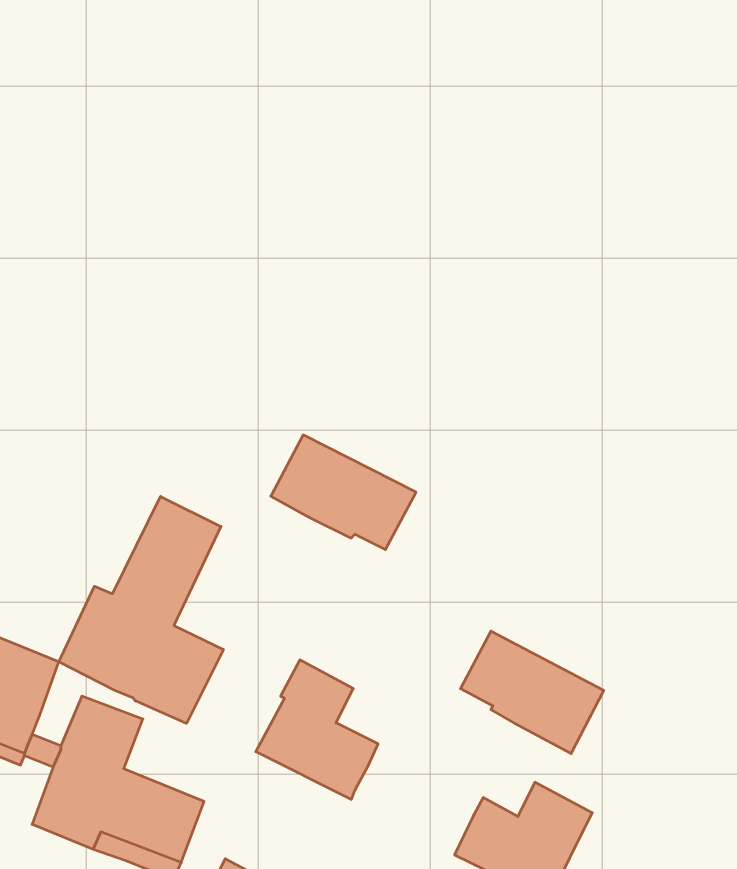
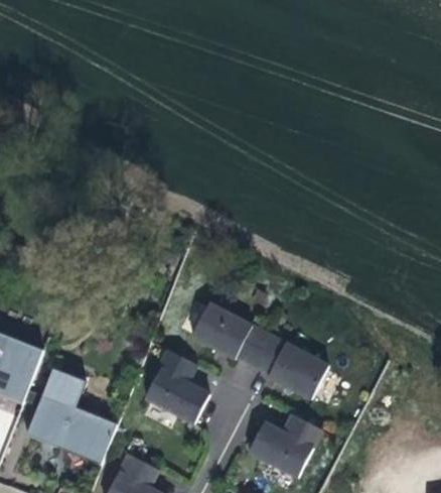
building: [271,435,416,550] -> [191,304,268,365]
building: [59,496,223,723] -> none

